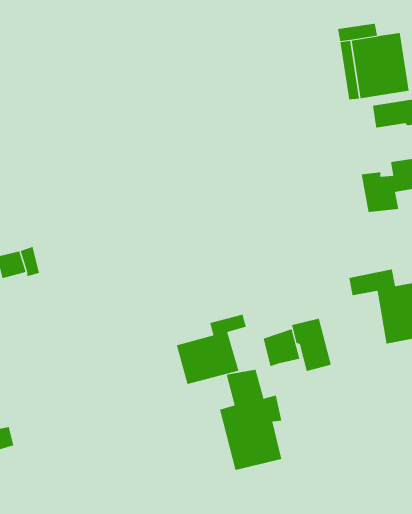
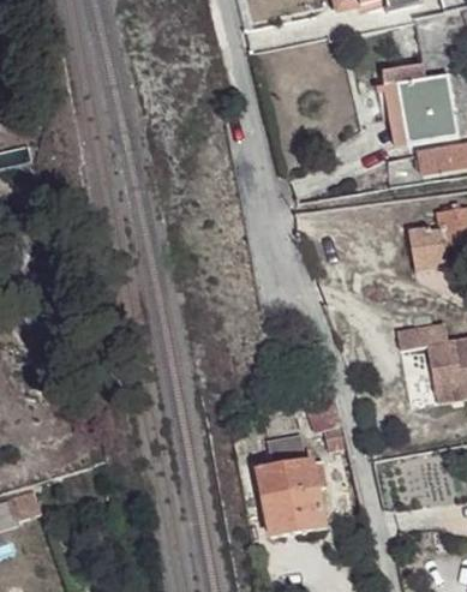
building: [176,314,246,385] -> none
building: [291,318,331,372] -> none

